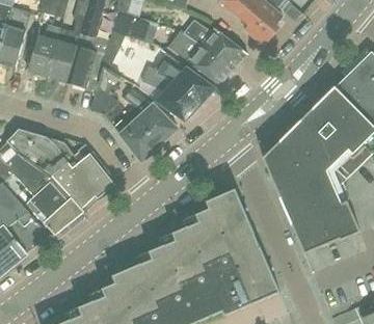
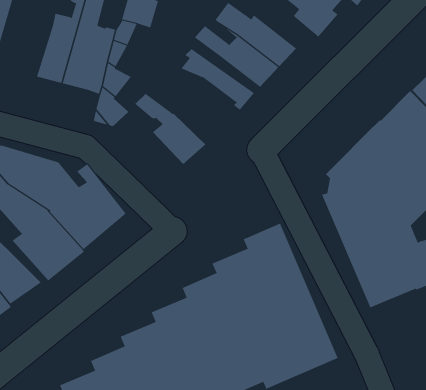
building: [28,24,61,76] -> none
building: [142,66,204,122] -> none
building: [114,118,160,160] -> none

